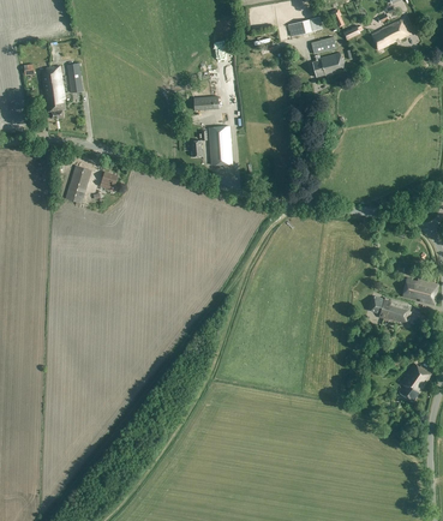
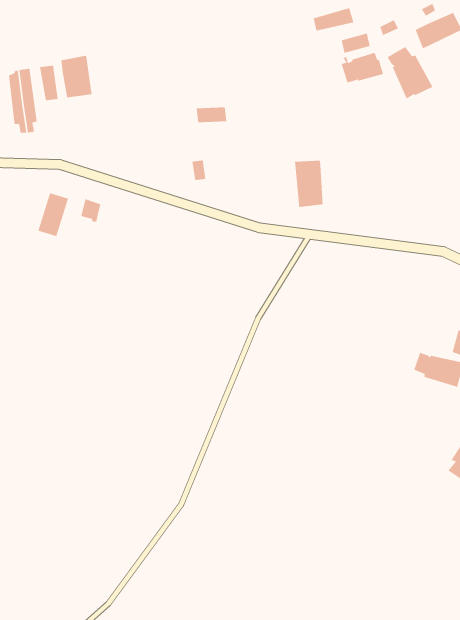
building: none -> [387,46,433,100]
building: none -> [61,55,92,98]
building: [209,126,233,164] -> [294,160,324,207]

